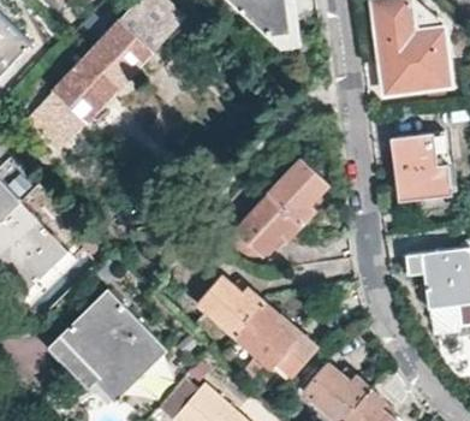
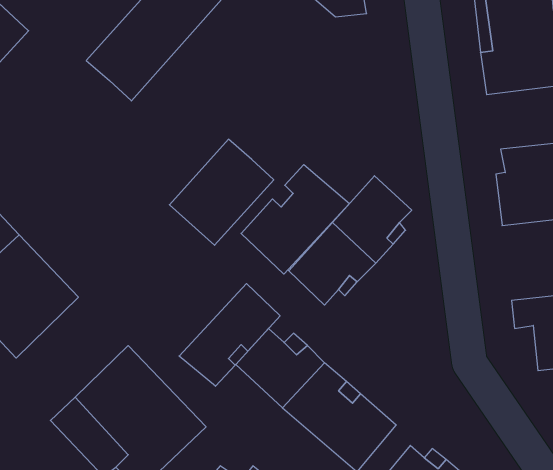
building: [30,69,111,150] -> [169,139,274,245]
building: none -> [241,165,349,274]
building: none -> [179,284,280,386]

